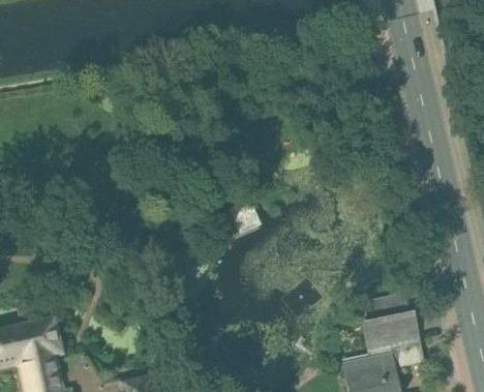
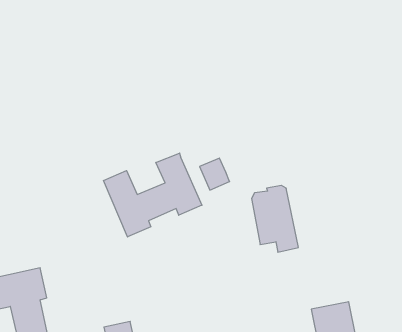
building: none -> [103,153,202,237]
building: [365,293,417,366] -> [252,185,298,252]

